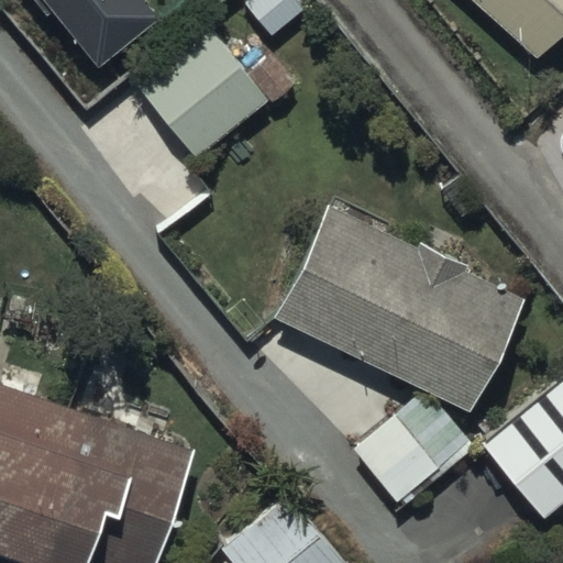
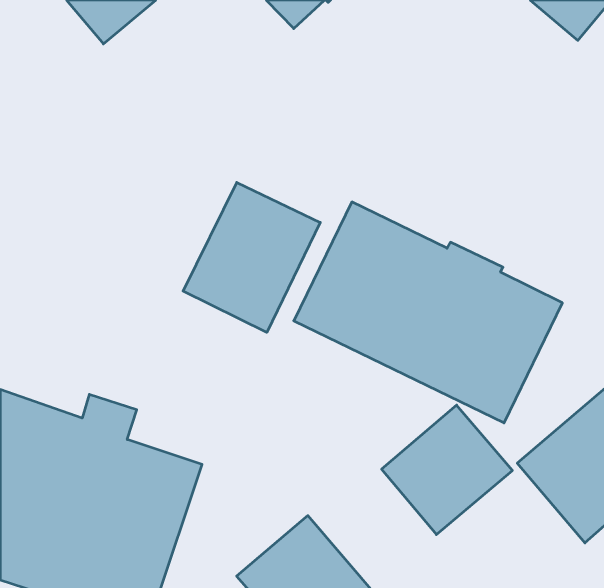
building: [137,30,300,164] -> none
building: none -> [183,182,320,332]

